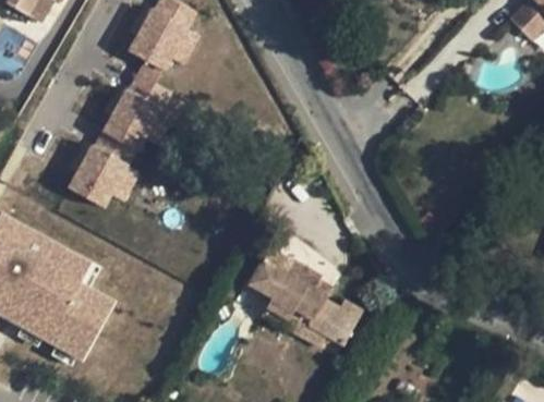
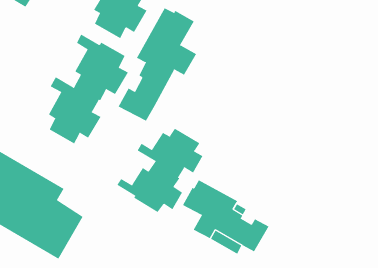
building: none -> [118,8,197,122]
building: none -> [117,128,203,213]

